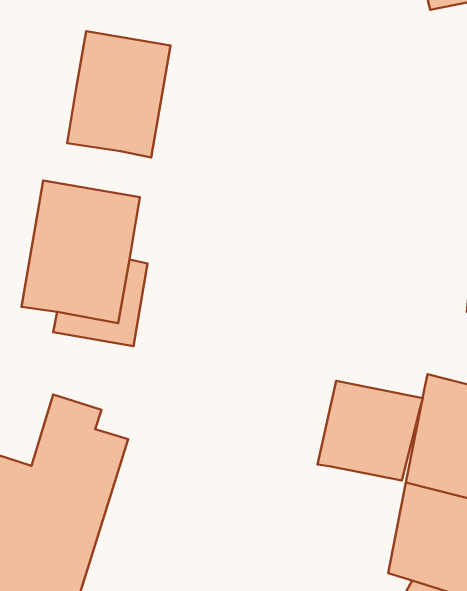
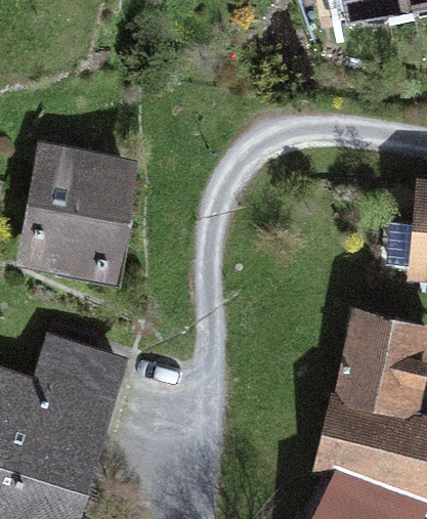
building: [67,31,170,157] -> none
building: [318,381,423,481] -> none

